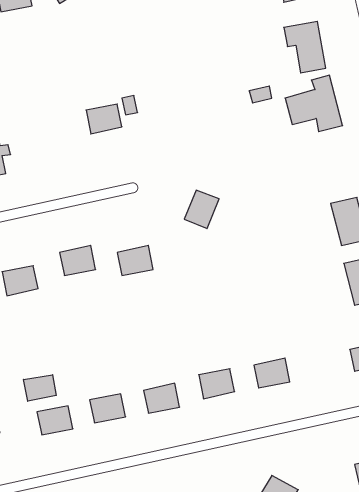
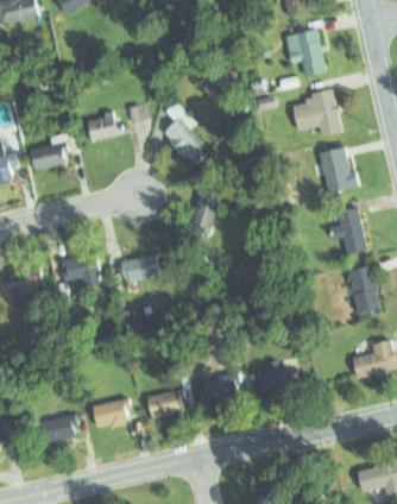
building: none -> [159,119,209,165]
building: none -> [31,141,67,171]
building: none -> [316,147,353,195]
building: [24,375,56,401] -> none

